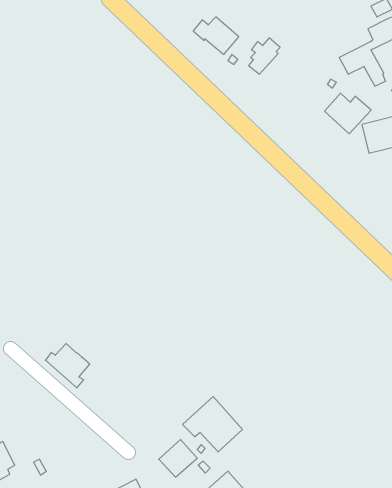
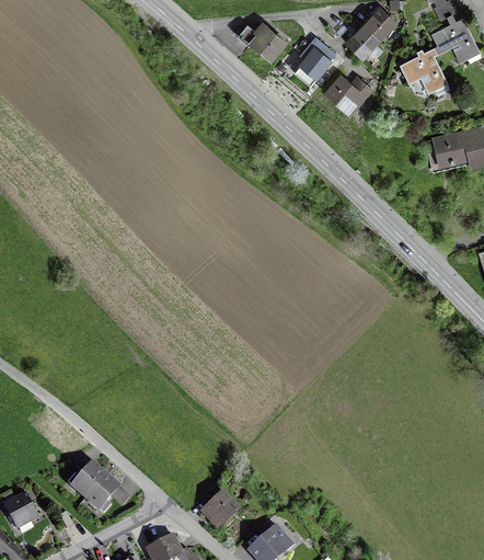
building: none -> [343,8,395,59]
building: [325,93,371,134] -> [322,71,373,116]
building: [45,343,90,388] -> [68,464,117,513]
building: [183,397,242,452] -> none

